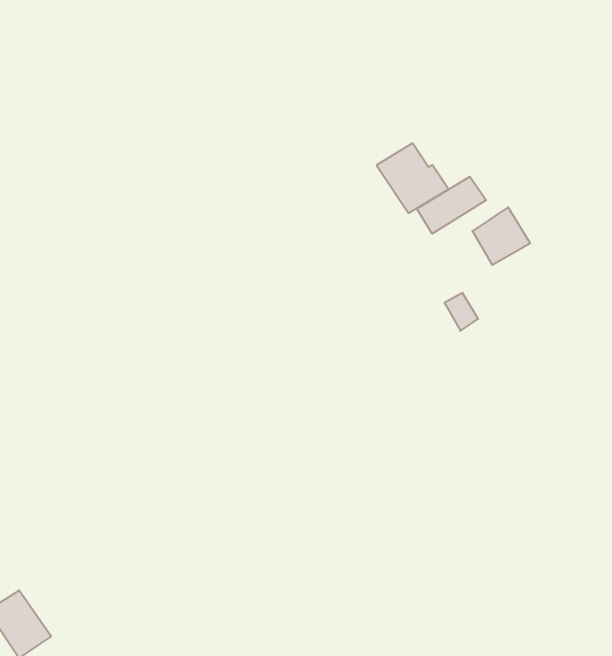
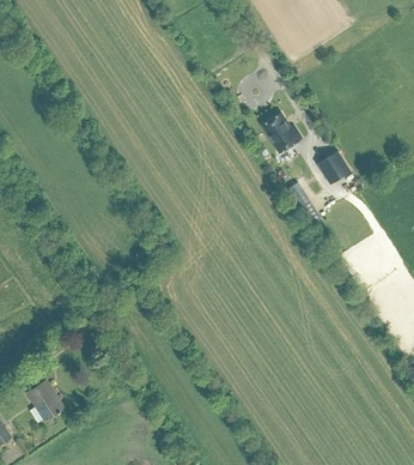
building: [417,177,486,234] -> none

